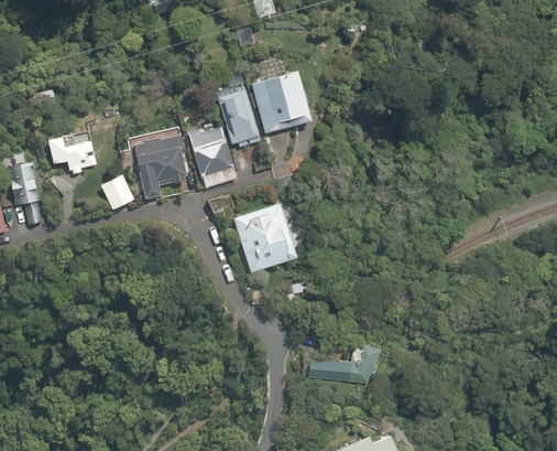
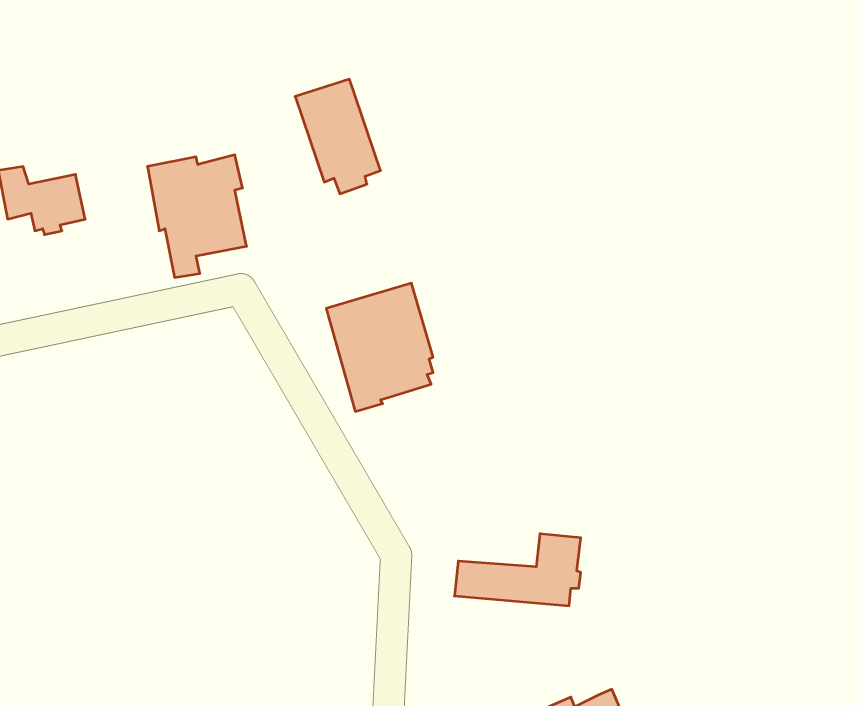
building: [251,69,309,135] -> none
building: [189,128,239,187] -> none
building: [99,175,134,211] -> none

